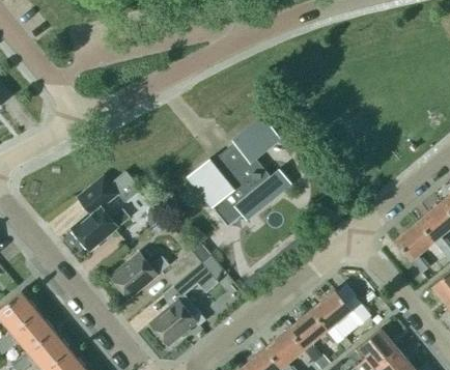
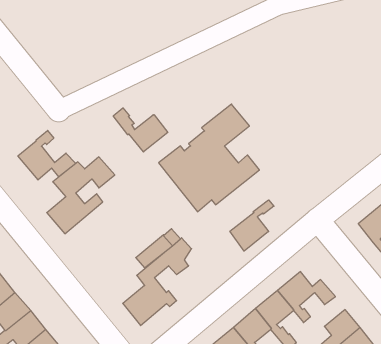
building: none -> [113,108,168,152]
building: none -> [18,130,76,180]
building: none -> [230,200,274,251]
building: [111,252,169,298] -> none

